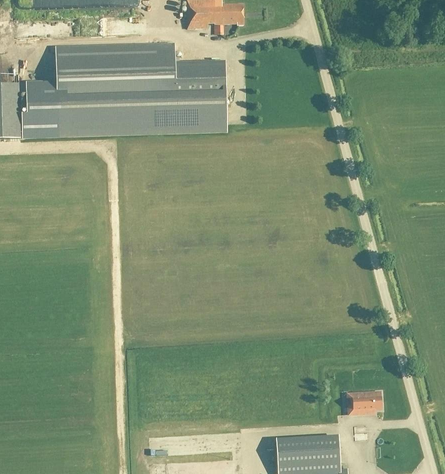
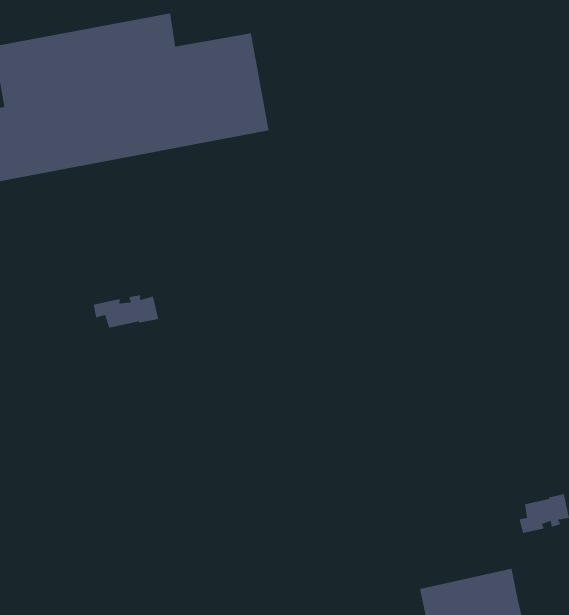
building: none -> [93,294,159,328]

